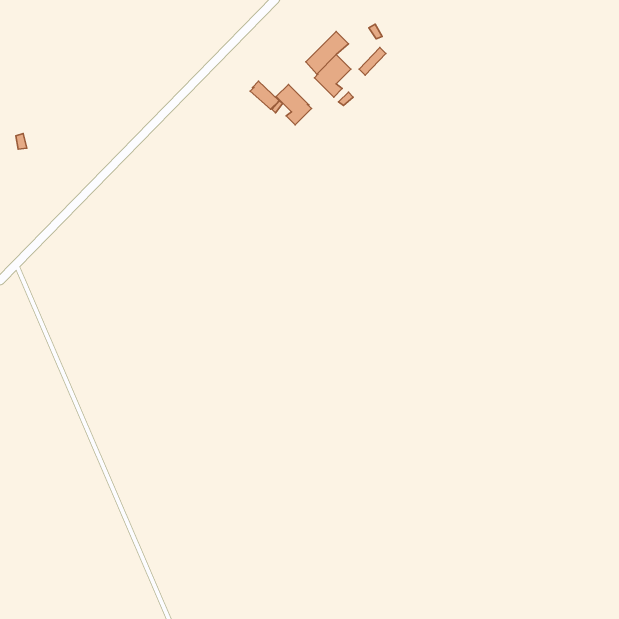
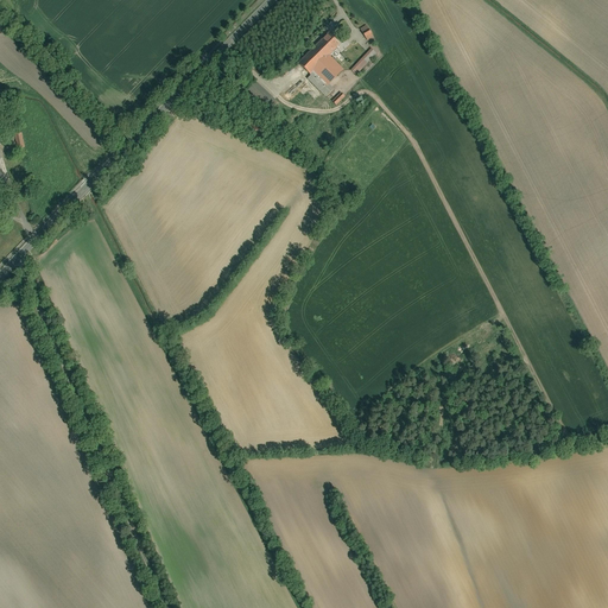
building: [276,84,311,125] -> none

